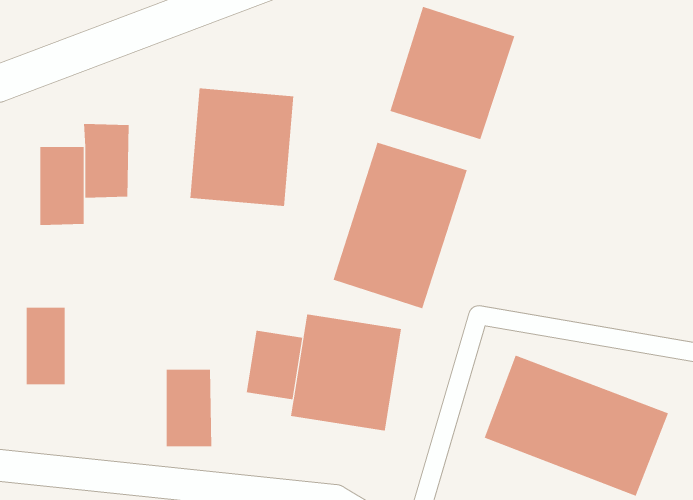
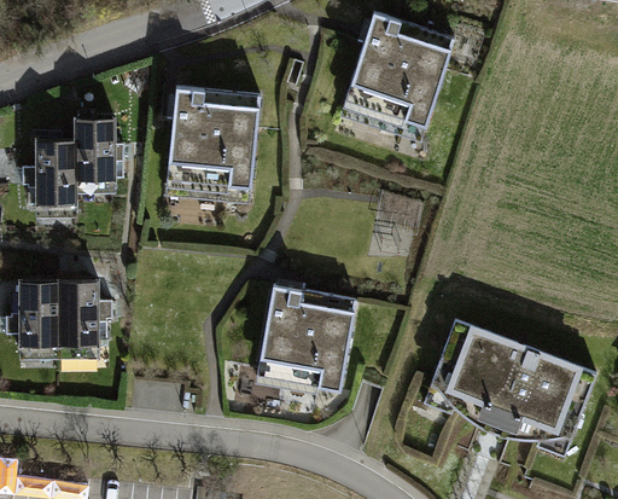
building: [333,142,468,309] -> none
building: [246,330,303,400] -> none
building: [166,369,212,447] -> [58,279,99,348]

